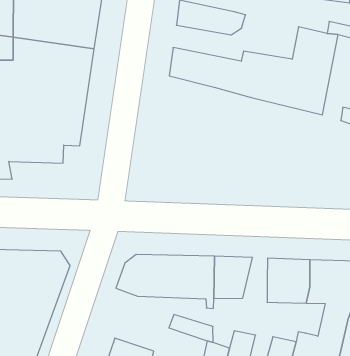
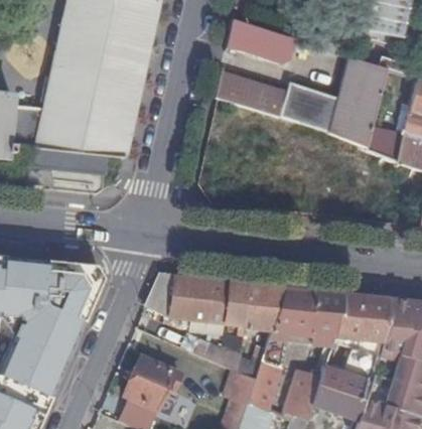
building: none -> [262,287,301,364]

